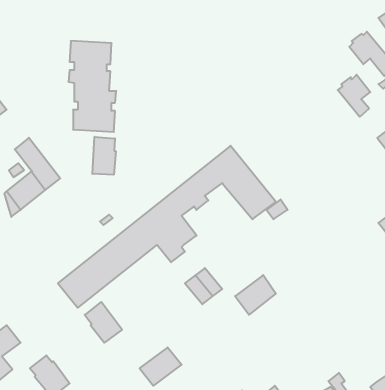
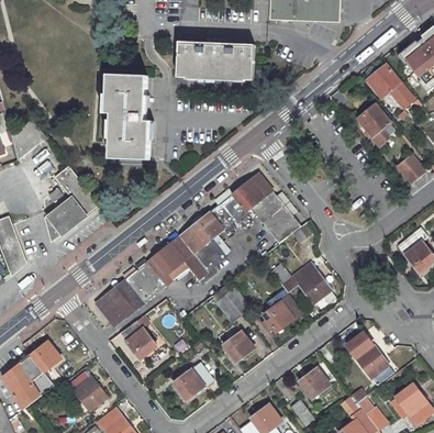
building: none -> [176,42,253,80]
building: [92,137,116,175] -> none
building: none -> [271,263,331,303]
building: none -> [222,331,254,362]
building: none -> [345,331,387,377]
building: none -> [298,367,329,398]

